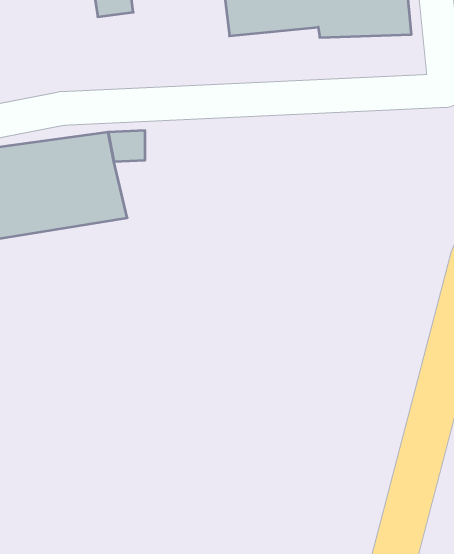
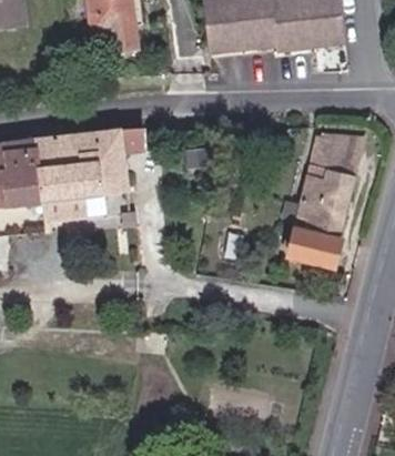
building: none -> [288,140,362,267]

